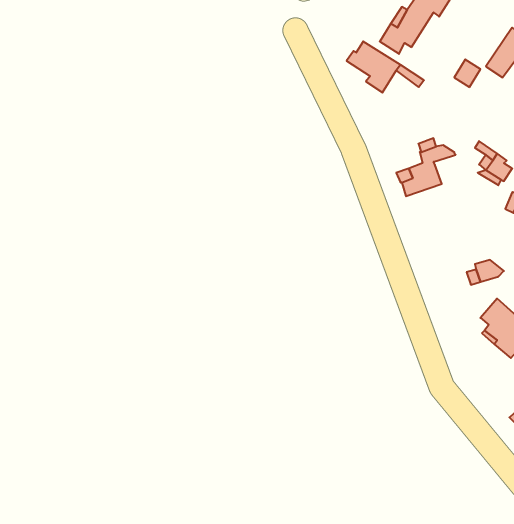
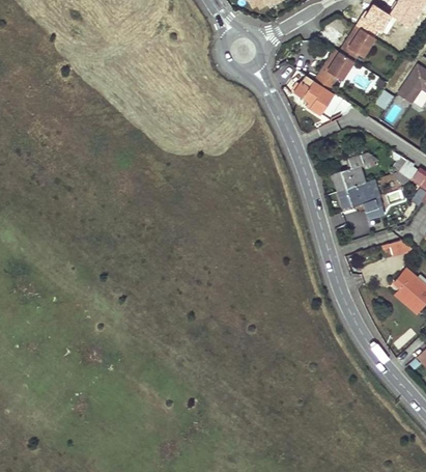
building: none -> [339,179,387,219]

